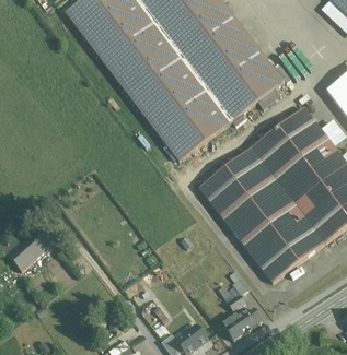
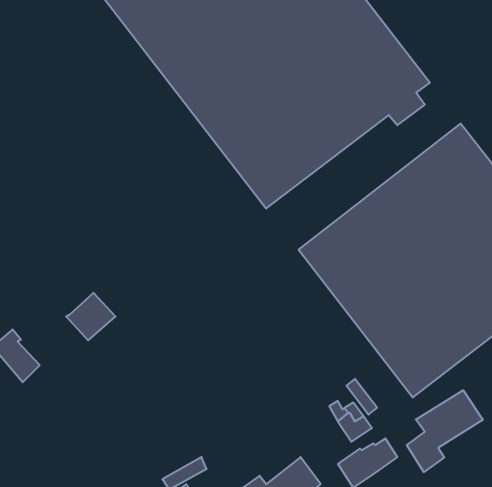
building: [18,230,49,261] -> [66,293,116,340]
building: none -> [407,390,483,472]

